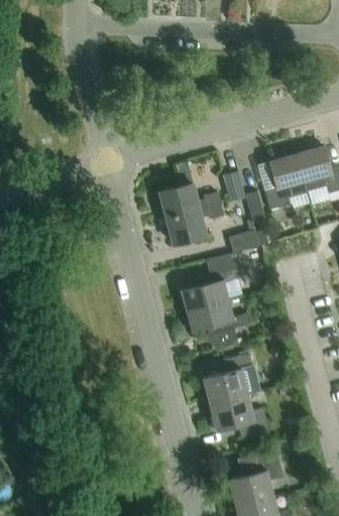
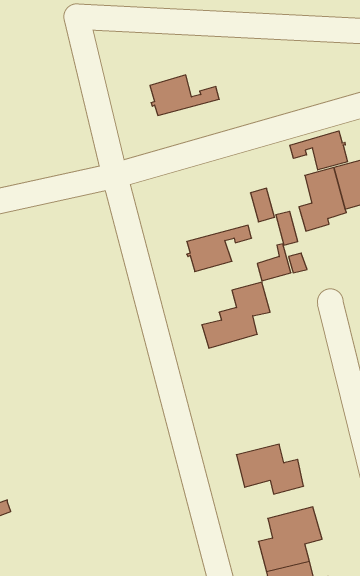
building: none -> [290,131,348,170]
building: [159,183,220,219] -> [150,75,219,115]
building: [186,299,250,351] -> none
building: [203,355,258,404] -> none

